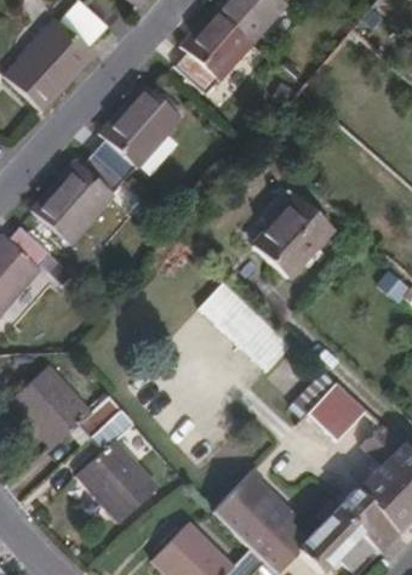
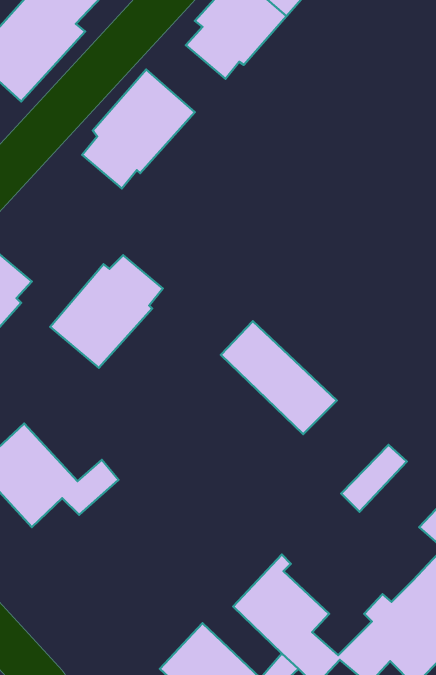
building: [34,152,124,241] -> [50,255,163,368]
building: [252,198,333,280] -> none
building: [79,410,158,520] -> none

